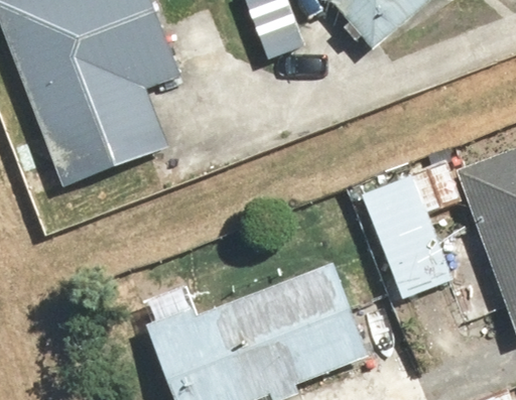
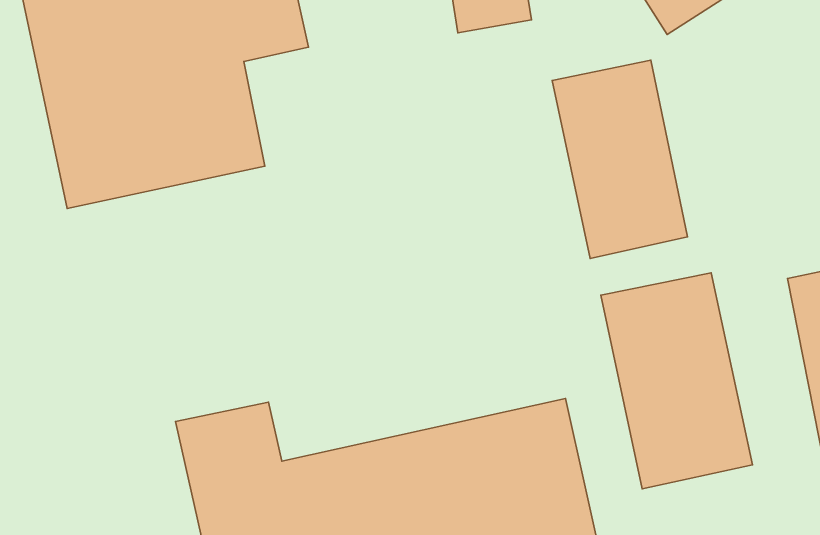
building: none -> [552,60,688,259]

